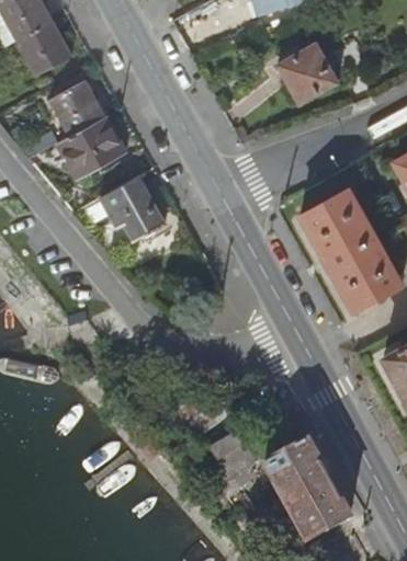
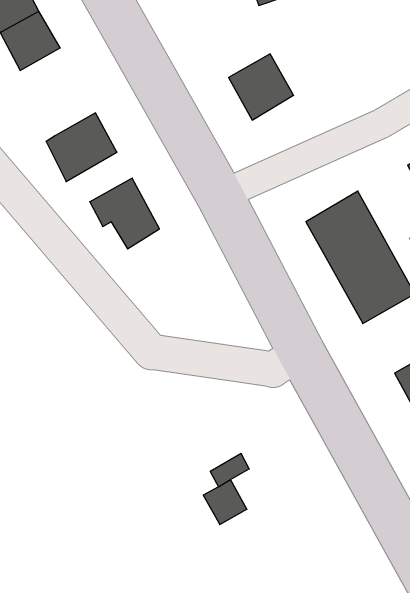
building: [276,42,337,103] -> [229,54,294,120]
building: [48,80,104,136] -> none
building: [256,439,348,545] -> none

